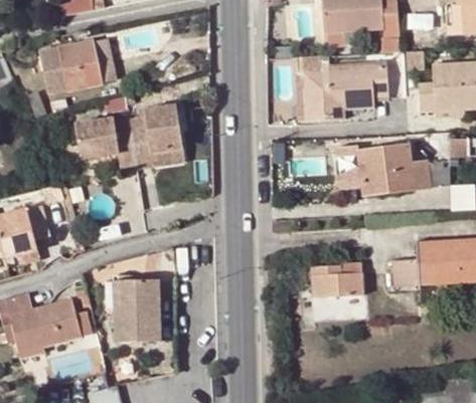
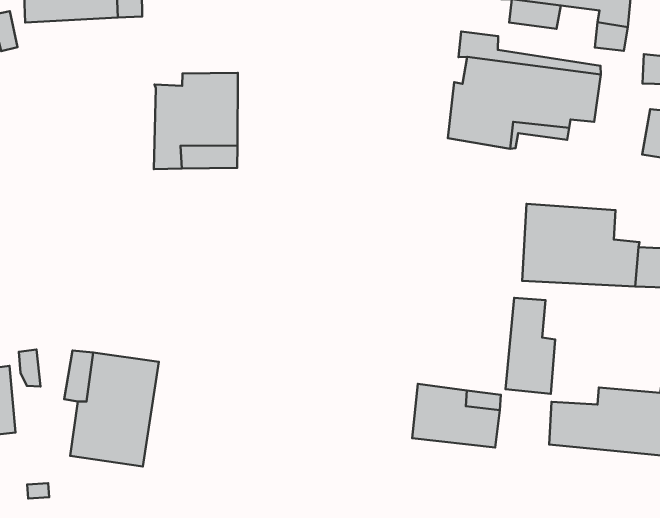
building: [75,119,137,172] -> none
building: none -> [505,298,555,394]

